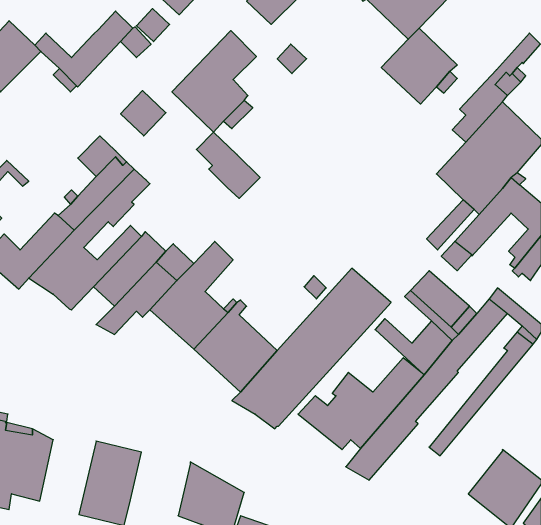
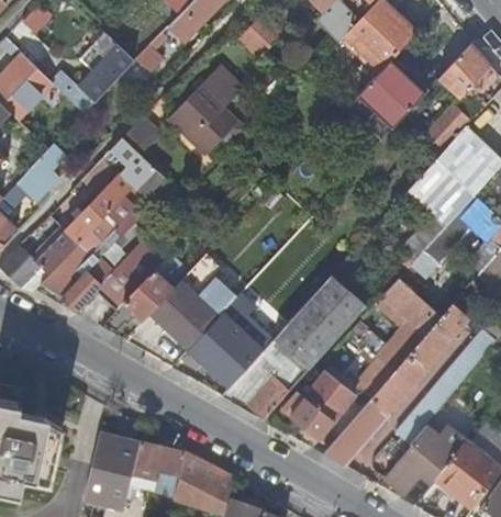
building: none -> [438,45,489,99]
building: none -> [20,150,58,199]
building: [196,132,260,198] -> [107,138,164,198]
building: none -> [383,425,465,494]
building: none -> [131,440,185,491]

